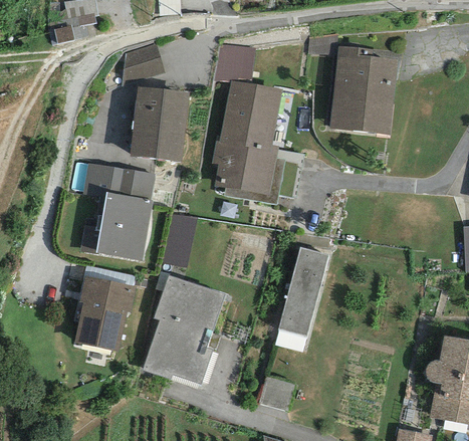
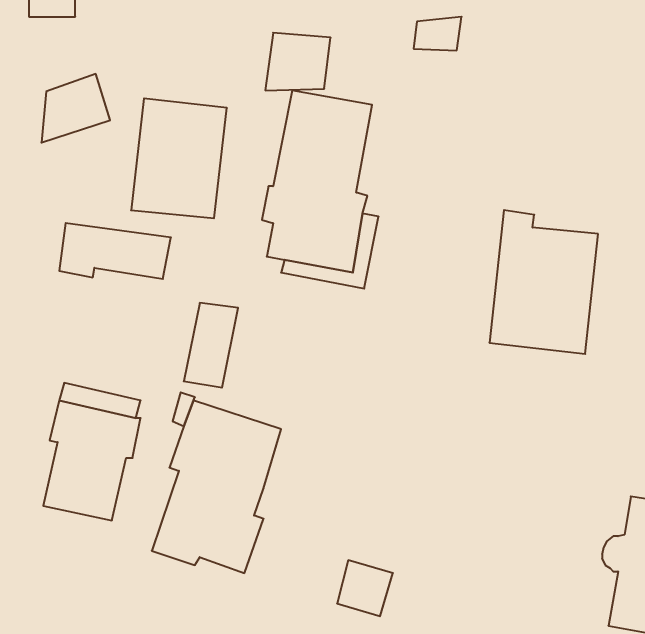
building: [122,43,165,86] -> [41,74,110,143]
building: [329,44,398,135] -> [489,210,598,354]
building: [96,192,152,260] -> none
building: [278,247,328,335] -> none

